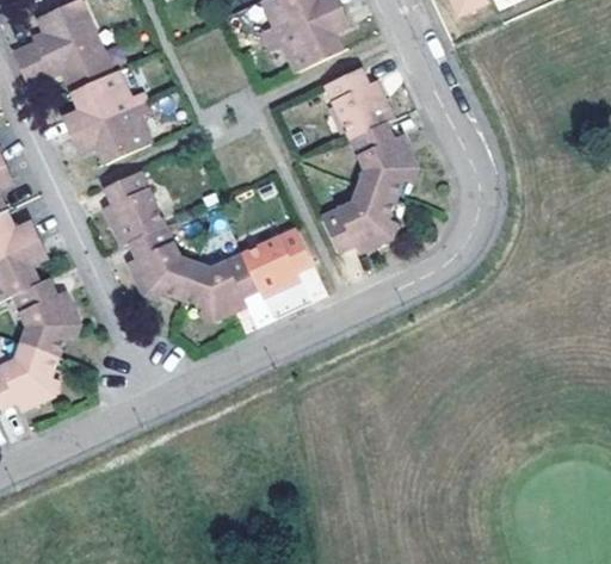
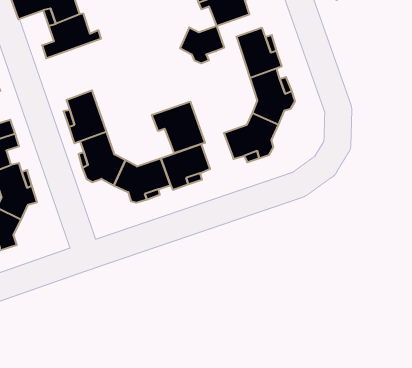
building: none -> [180,26,224,63]
building: [70,100,148,163] -> none
building: none -> [152,102,205,153]

